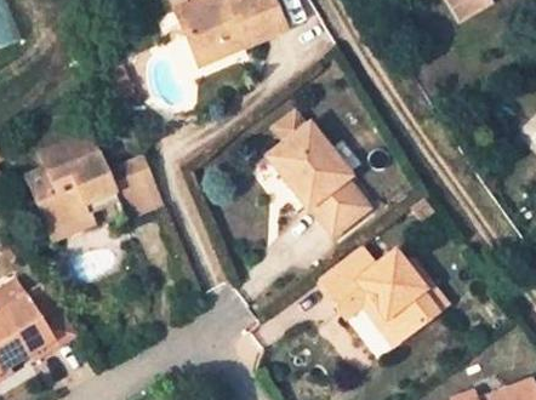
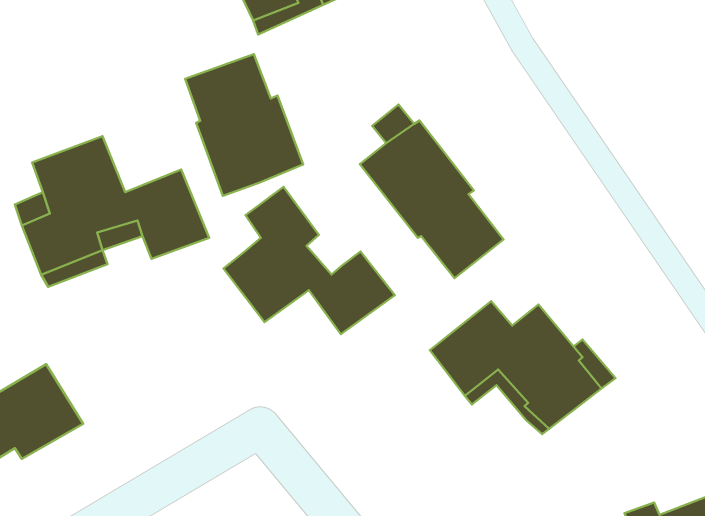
building: none -> [185,54,303,196]
building: none -> [223,187,395,334]

